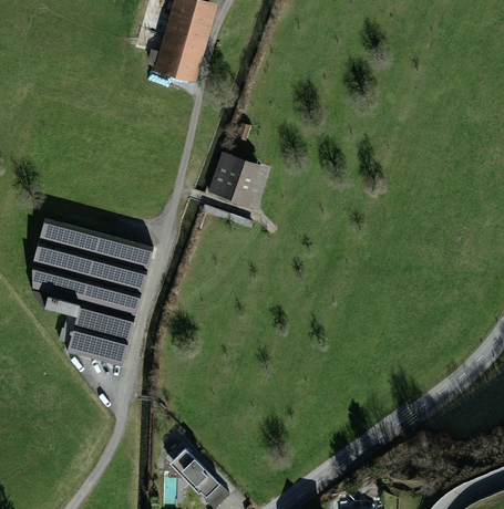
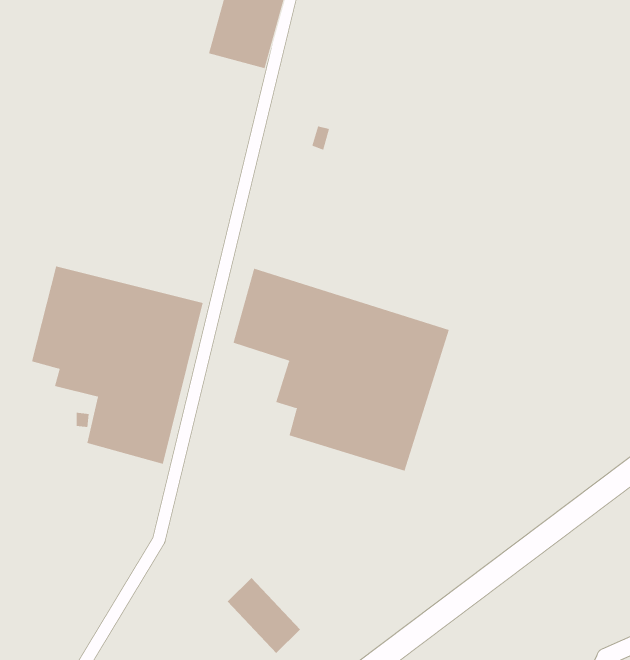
building: [208,153,261,204] -> none
building: none -> [233,268,450,472]

